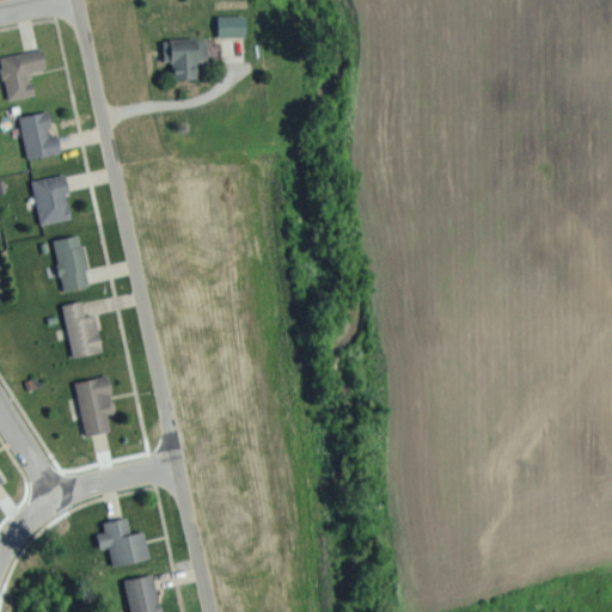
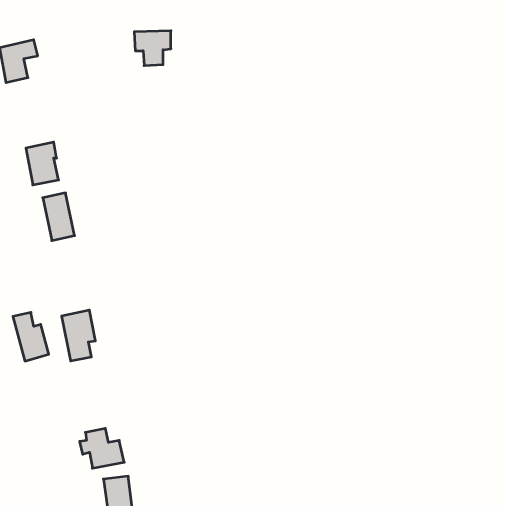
building: [218,17,245,38] -> none
building: [19,114,60,158] -> none
building: [60,300,103,359] -> [13,312,49,361]

